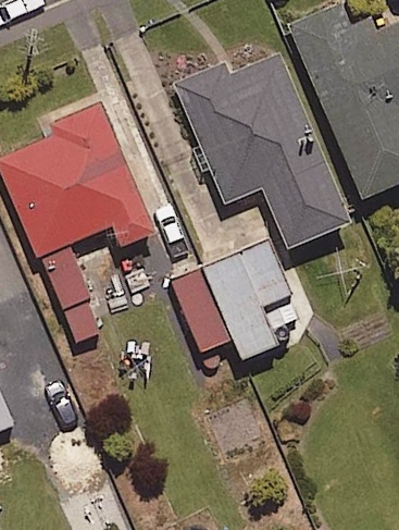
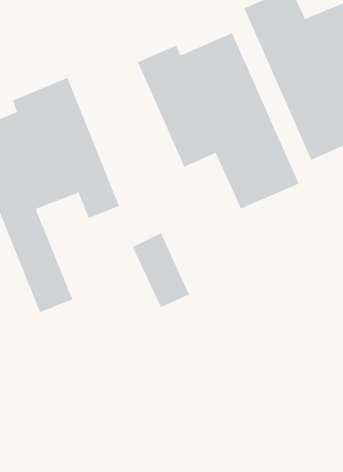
building: [202,239,291,356] -> none

